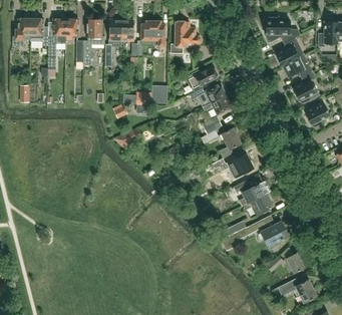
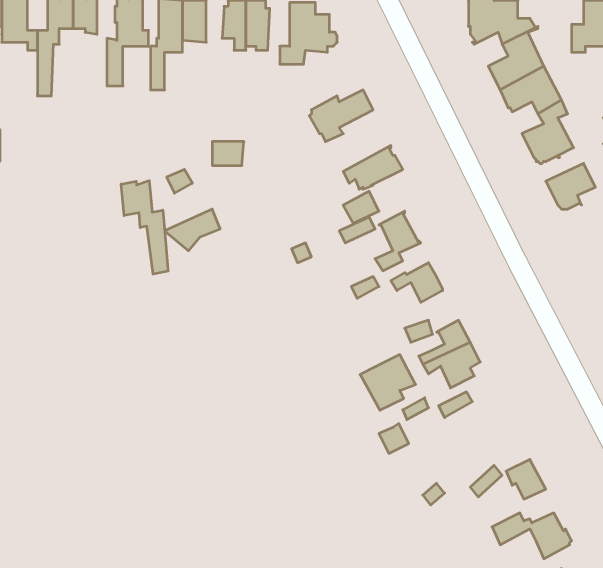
building: [189,85,227,107] -> none
building: none -> [121,181,168,274]
building: [261,222,289,250] -> [360,355,416,410]

